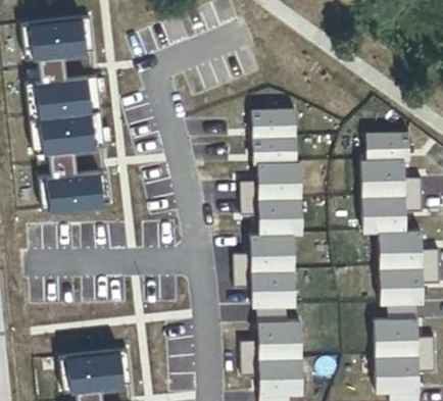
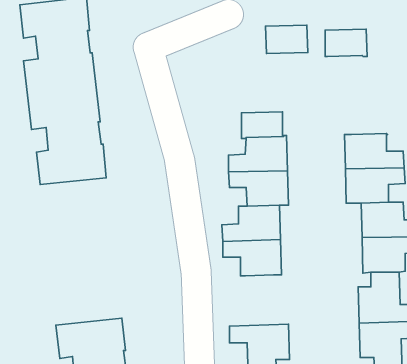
building: [252,108,296,138] -> [266,25,308,54]
building: [365,132,409,160] -> [325,29,367,57]
building: [241,306,302,359] -> none

